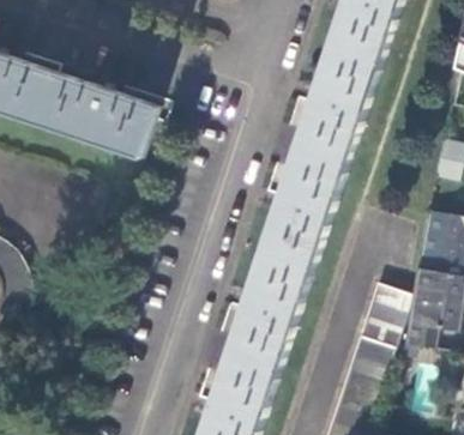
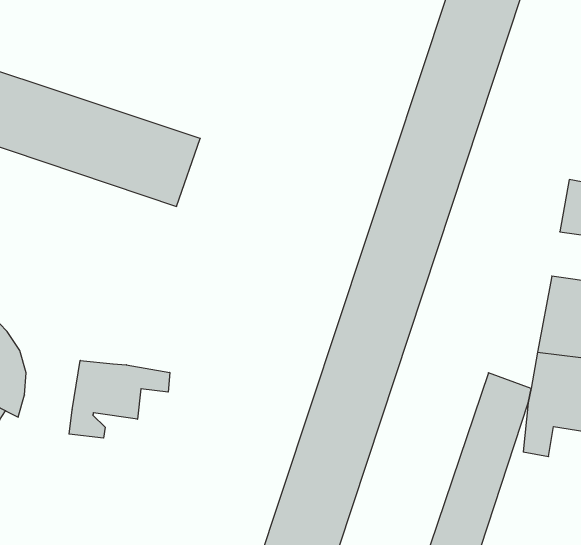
building: none -> [69,360,170,438]

